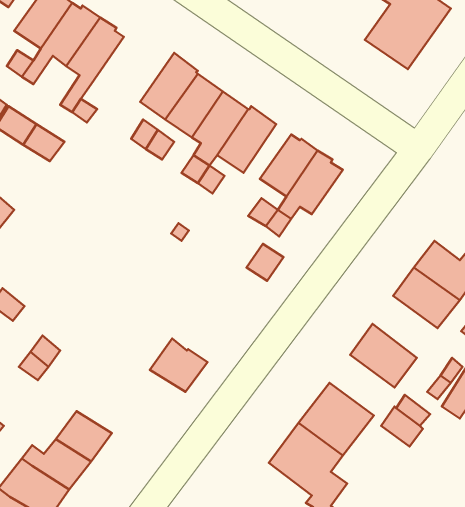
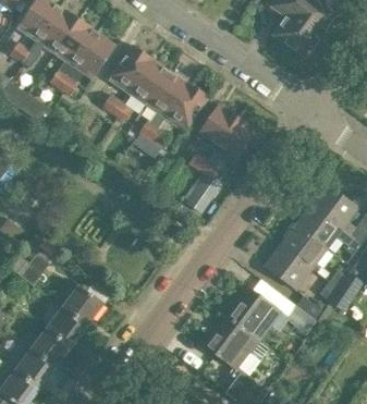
building: none -> [72,32,114,78]
building: none -> [279,222,327,268]
building: [150,339,208,392] -> [61,284,103,323]

